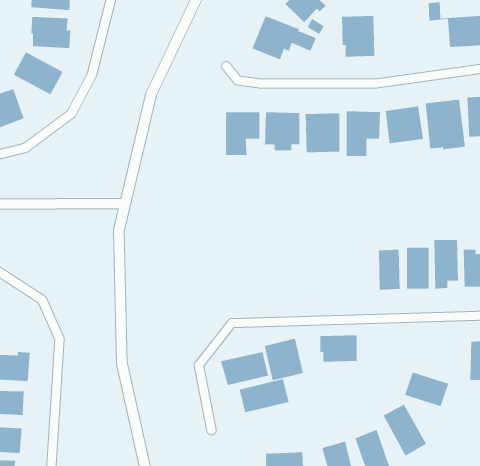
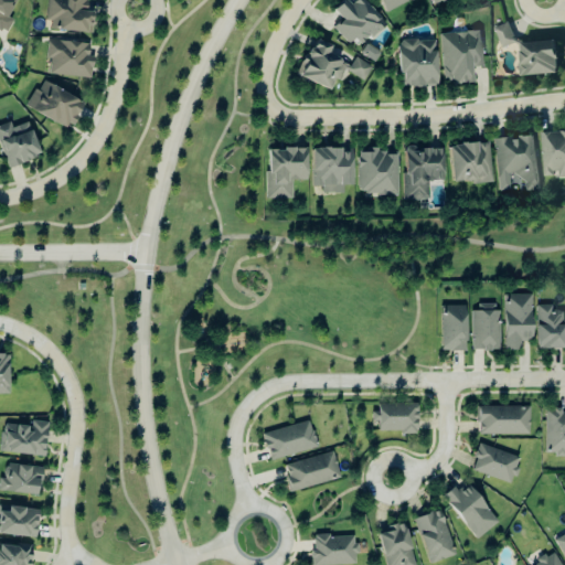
building: none -> [441,31,483,83]
building: [264,338,303,381] -> none
building: none -> [479,405,531,433]

